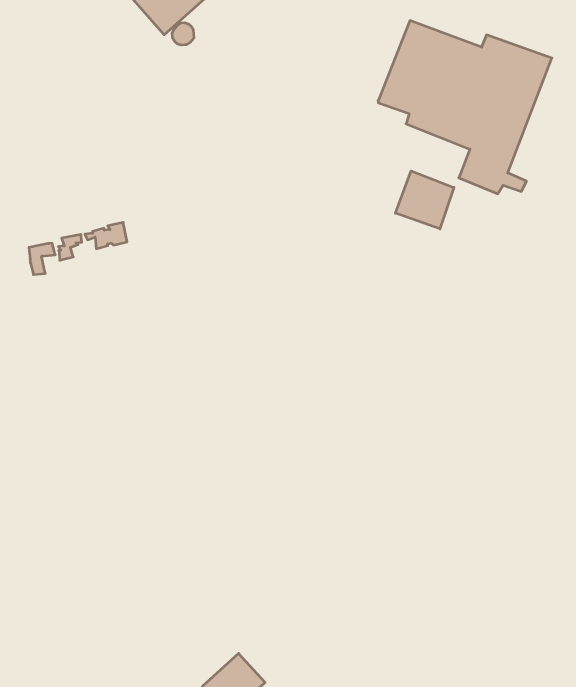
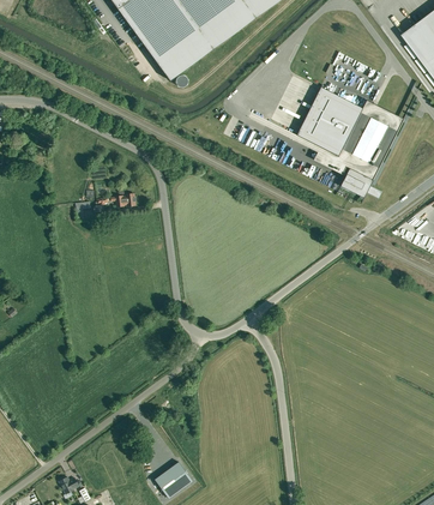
building: [395,171,454,229] -> none

